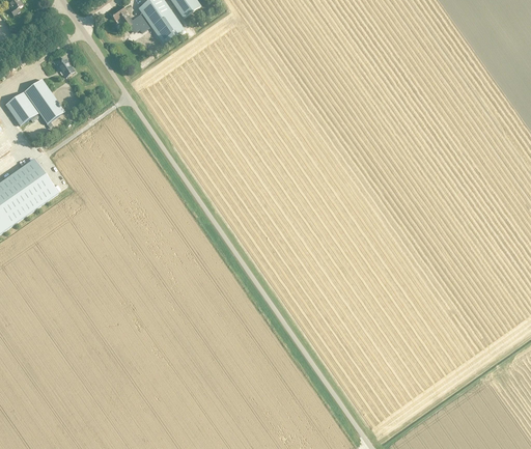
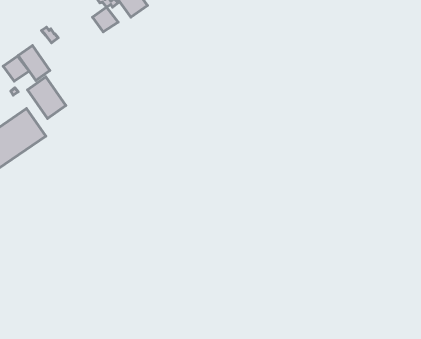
building: none -> [93,7,118,32]
building: none -> [28,77,66,118]

